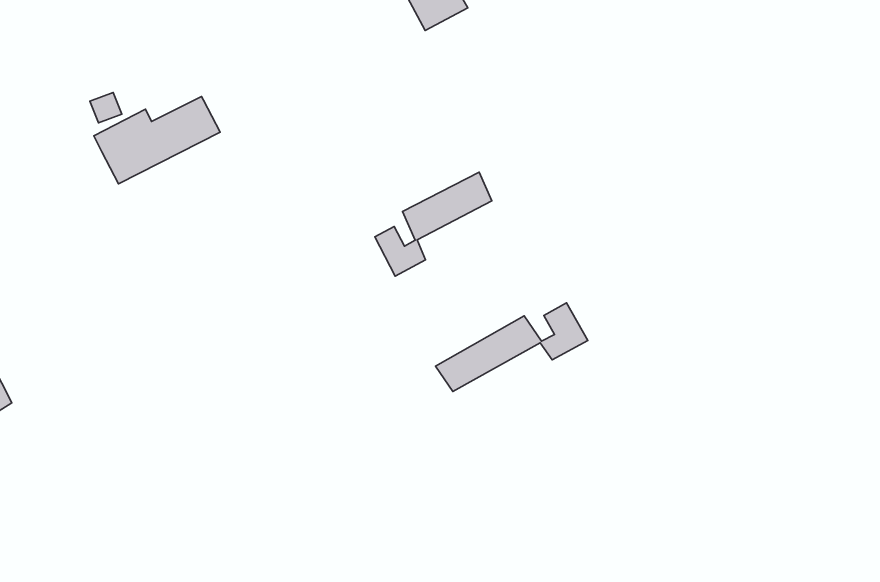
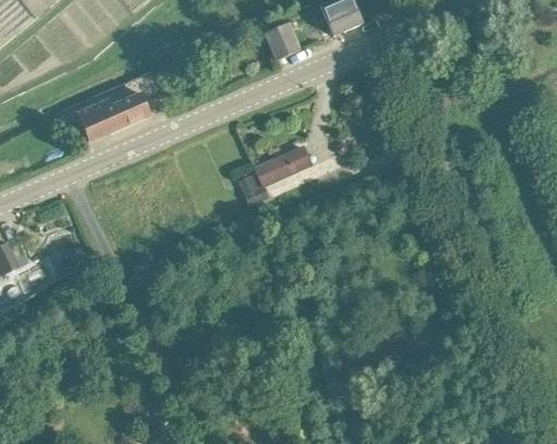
building: [436,303,588,392] -> none

